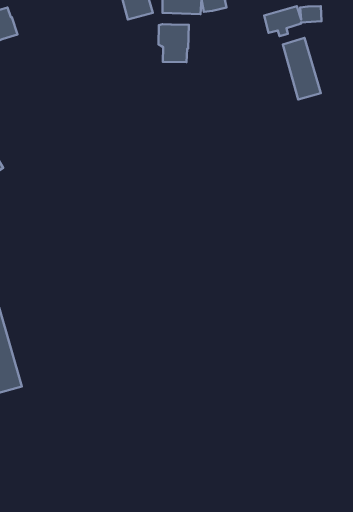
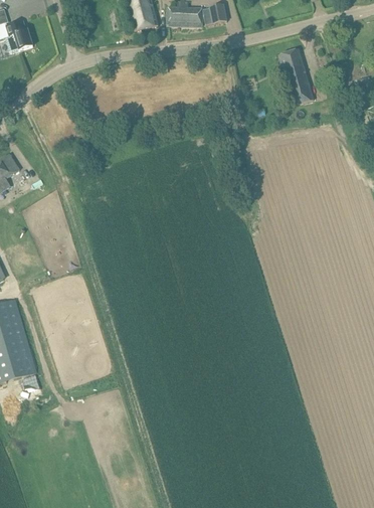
building: [264,6,322,36] -> none
building: [158,24,189,62] -> none

